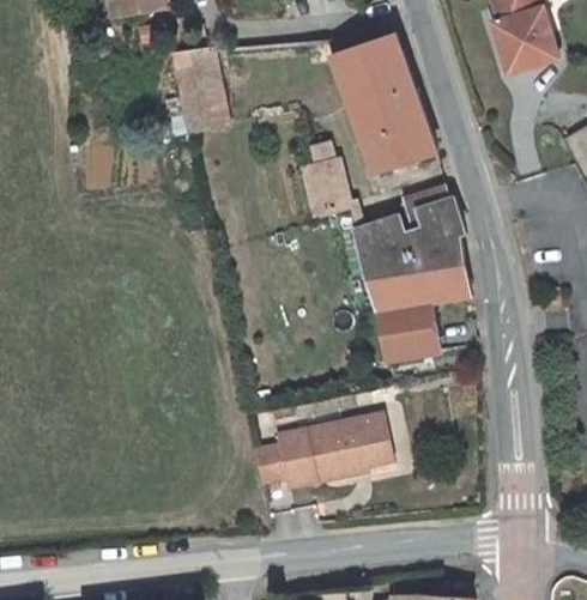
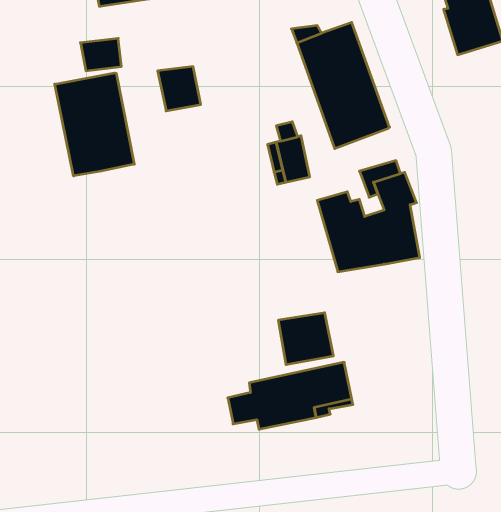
building: [171,51,217,87] -> [80,38,121,71]
building: none -> [55,73,134,176]
building: [377,302,438,359] -> [278,313,333,365]

